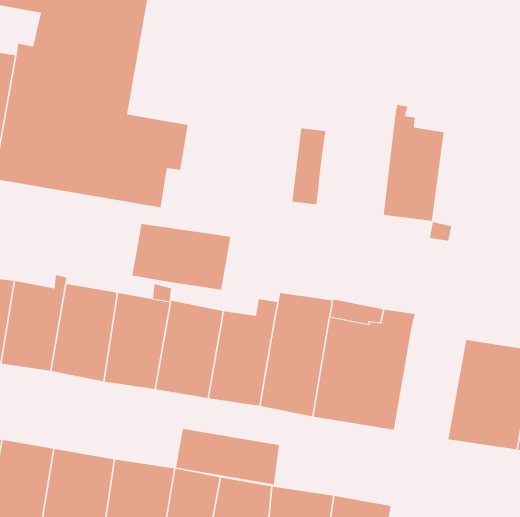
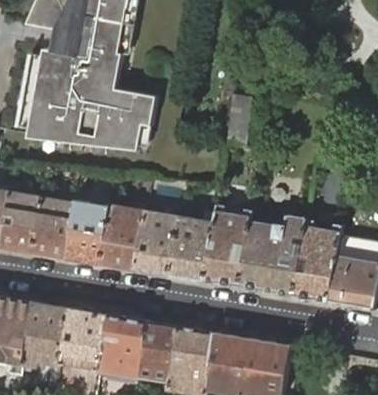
building: [383,104,444,222] -> none
building: [132,223,231,290] -> none
building: none -> [294,221,343,304]
building: [176,428,279,485] -> none

